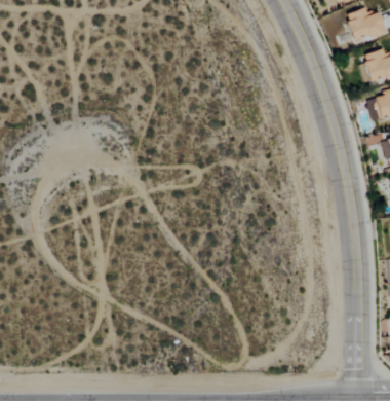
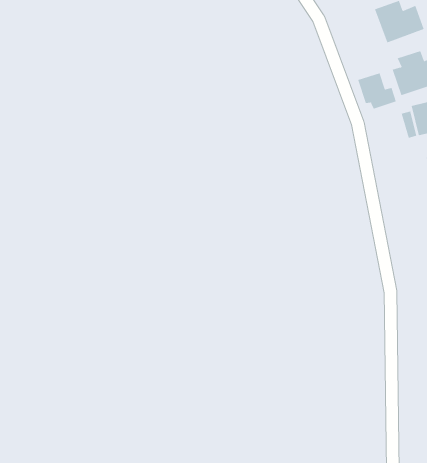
building: none -> [357,72,396,110]

